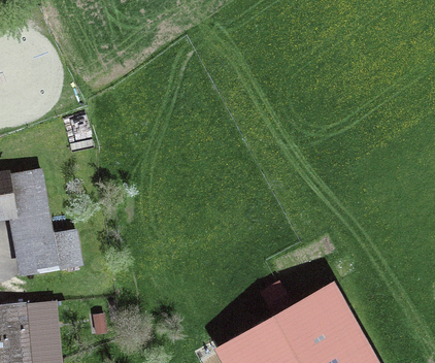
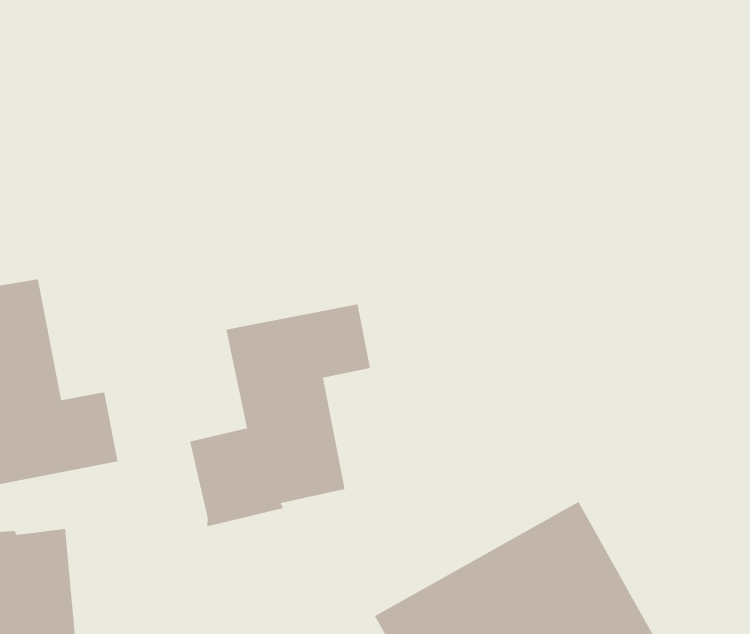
building: none -> [189,304,371,527]

